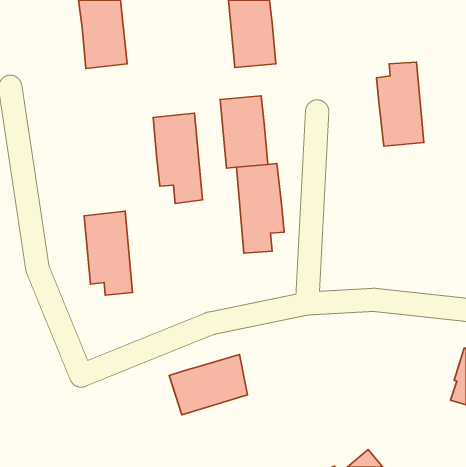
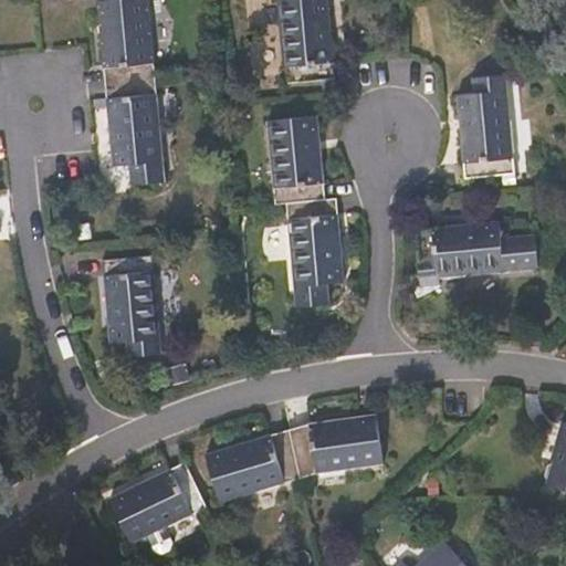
building: [153,113,203,204] -> [104,77,164,187]
building: none -> [411,221,537,297]
building: none -> [290,415,381,478]
building: none -> [107,462,206,552]

